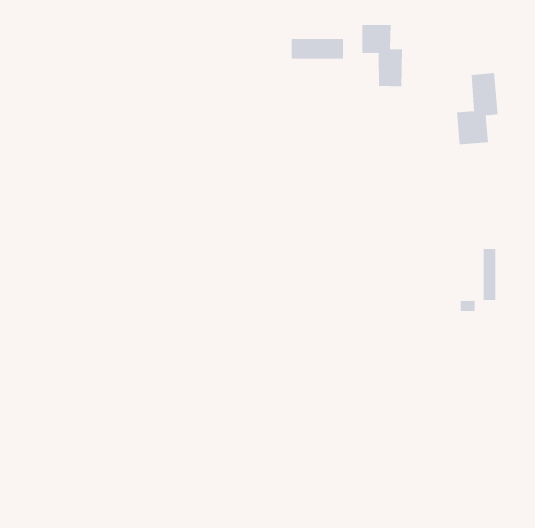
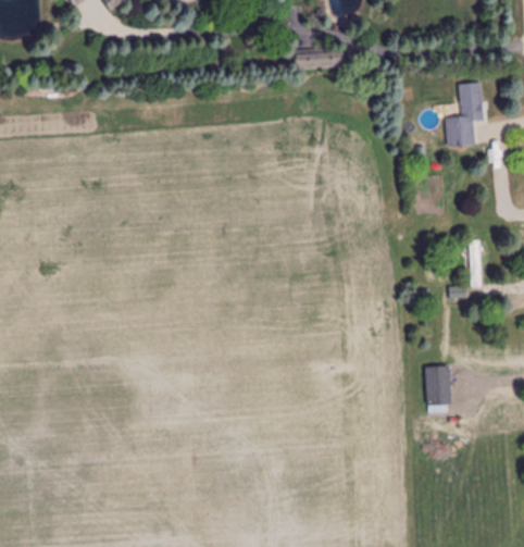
building: [362,24,402,87] -> none
building: none -> [425,366,451,405]

